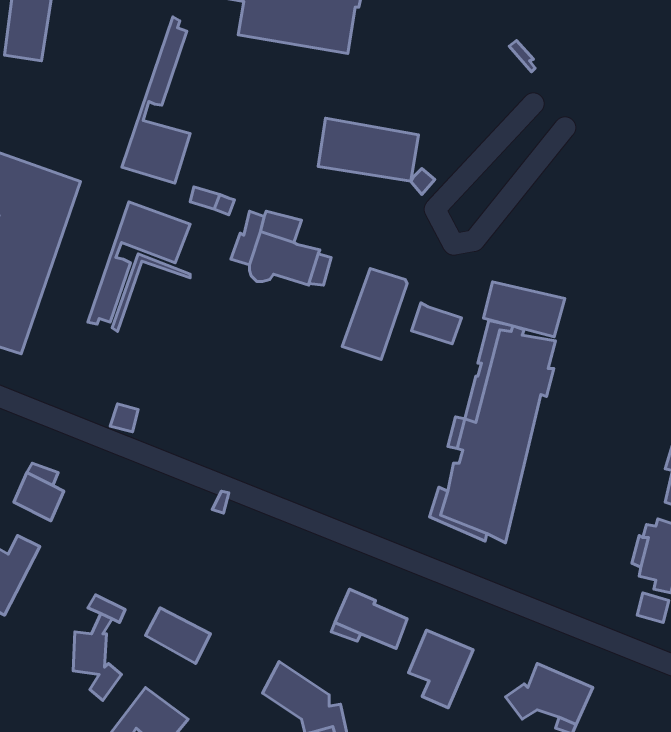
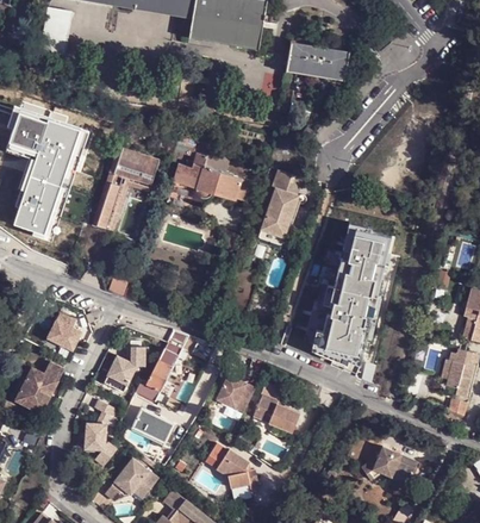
building: [122,17,190,183] -> none
building: [318,118,418,181] -> [285,42,349,82]
building: [483,282,565,337] -> none
building: [411,303,462,344] -> [270,170,303,197]
building: none -> [133,343,175,400]
building: none -> [102,347,143,392]
building: none -> [216,376,254,412]
building: [409,630,473,708] -> none

